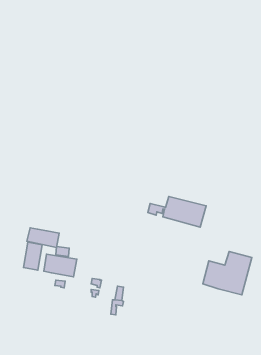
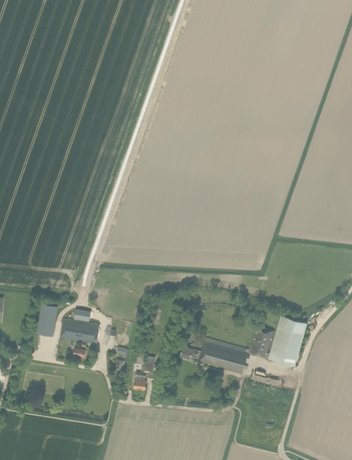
building: [148,197,206,227] -> [180,338,249,374]
building: [27,228,59,247] -> none

